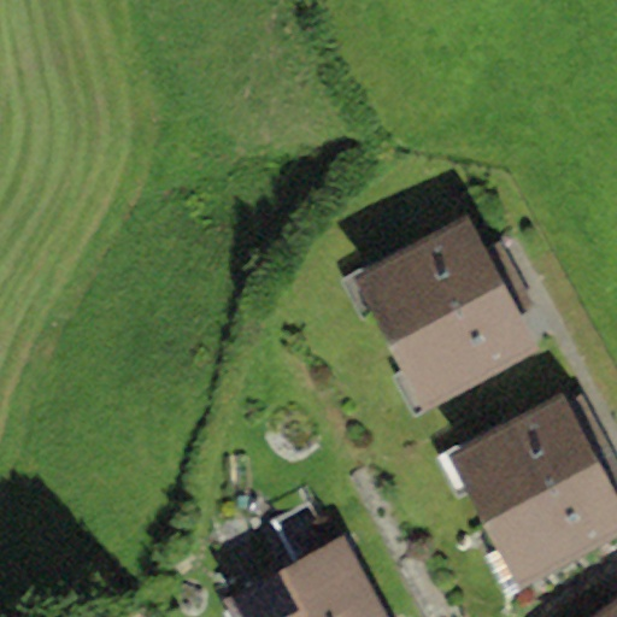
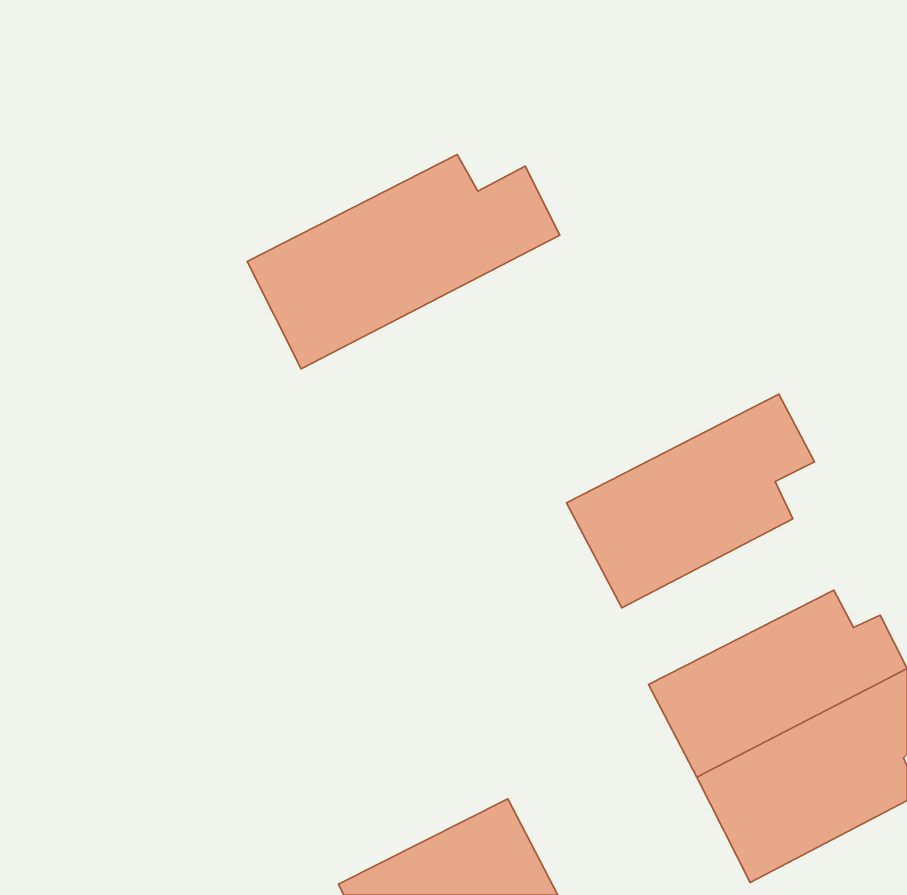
building: none -> [247,155,560,369]
building: [351,212,527,340] -> none

